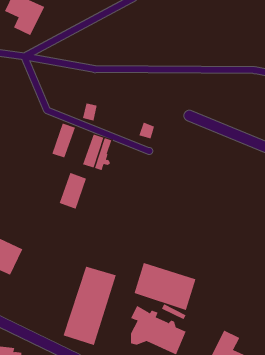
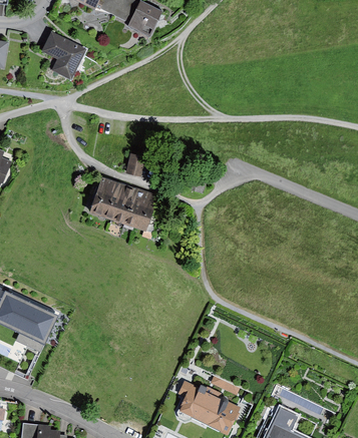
building: [59,172,87,210] -> [106,181,137,223]
building: [134,262,196,311] -> none
building: [63,266,116,346] -> none

